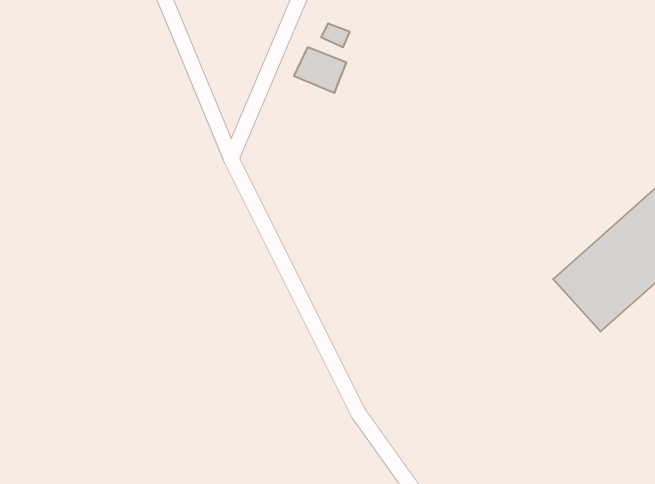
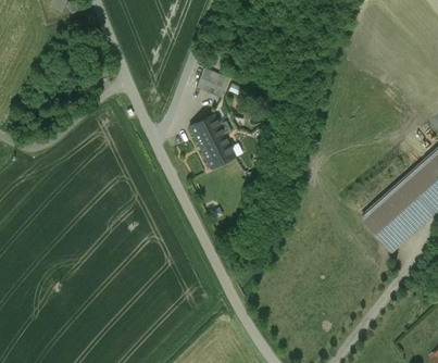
building: none -> [189,114,235,168]

